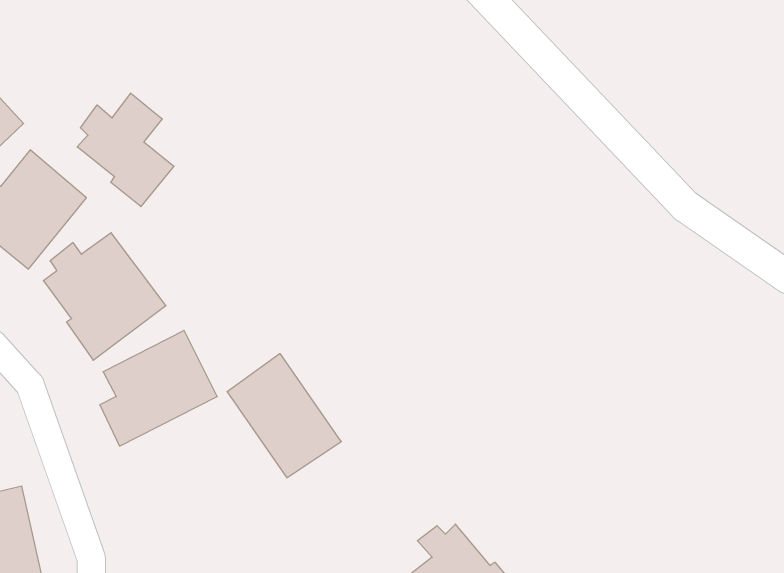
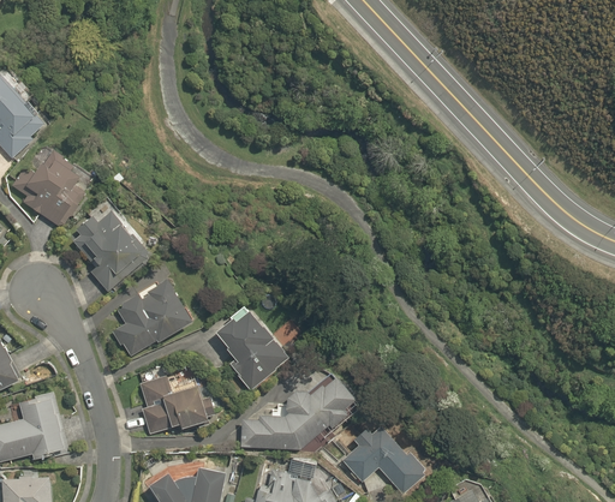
building: [77,93,174,207] -> none
building: none -> [133,367,210,437]
building: none -> [246,375,345,447]

